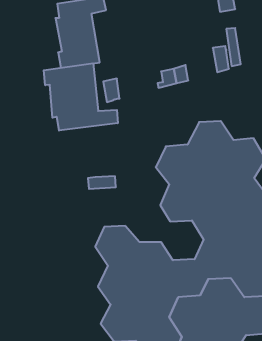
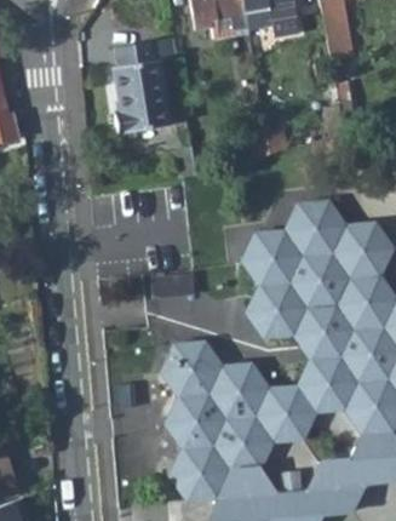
building: [44,63,118,131] -> none

